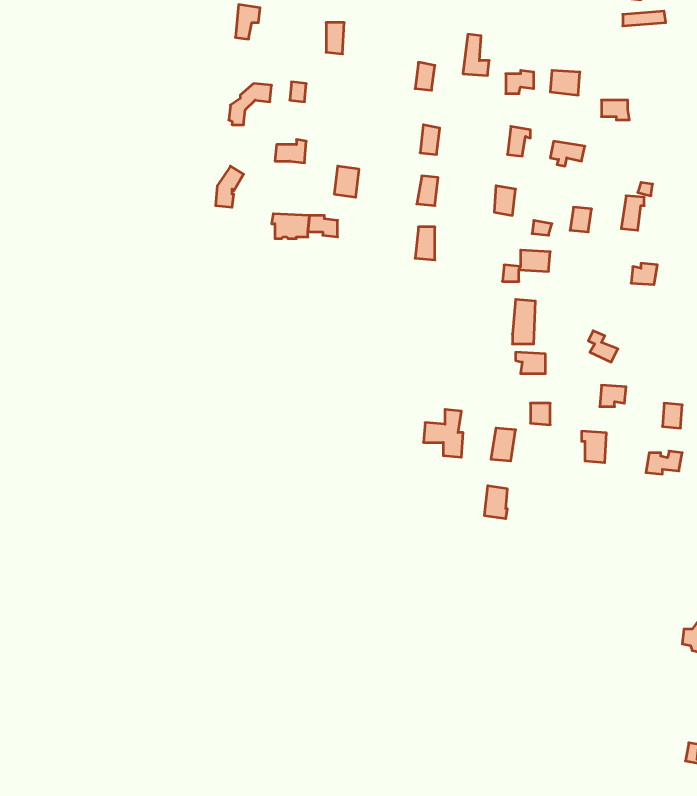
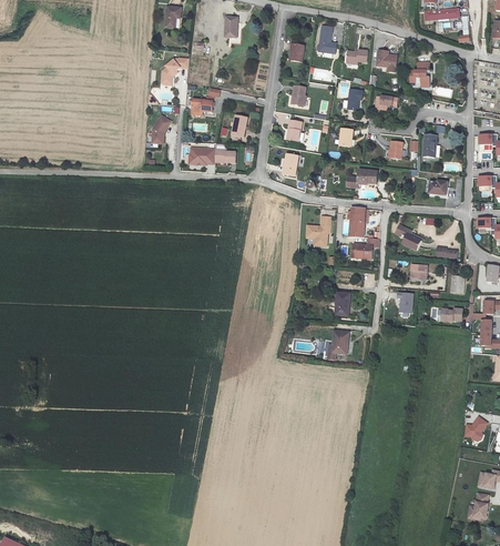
building: [423,409,463,457] -> [307,215,334,247]

